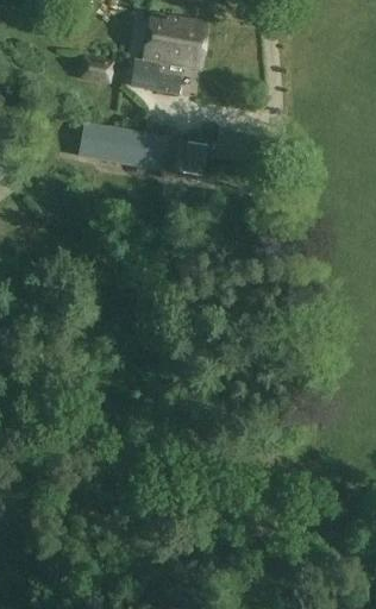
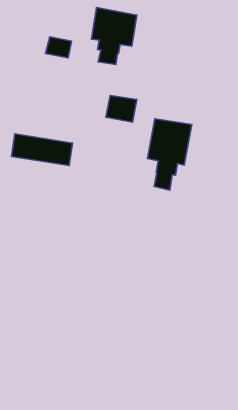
building: [76,124,163,169] -> [11,134,72,166]
building: none -> [147,119,192,190]

